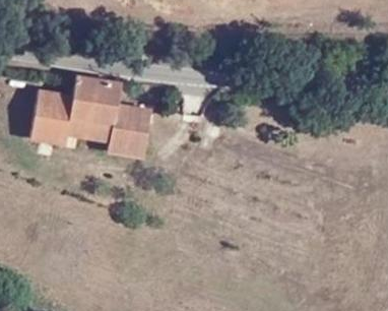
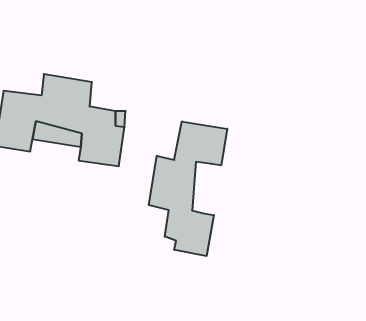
building: none -> [149,121,227,256]

